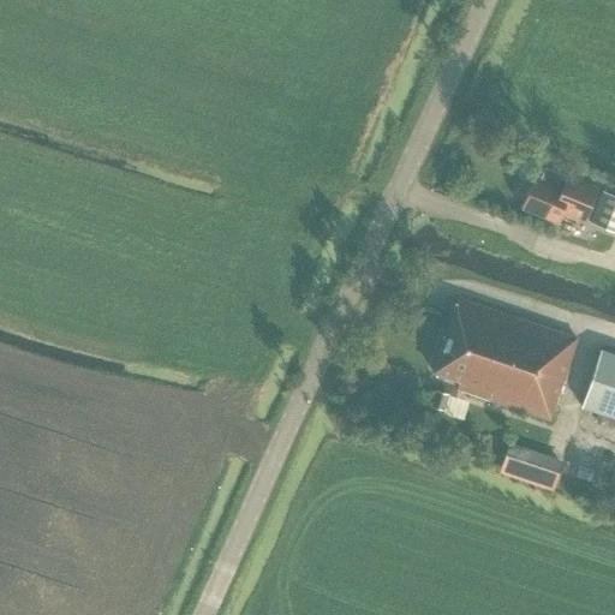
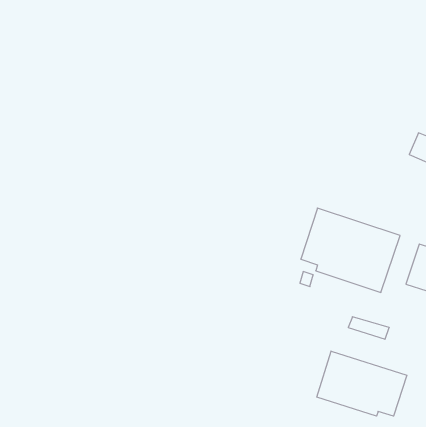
building: [520,173,598,223] -> none
building: none -> [317,351,407,416]

